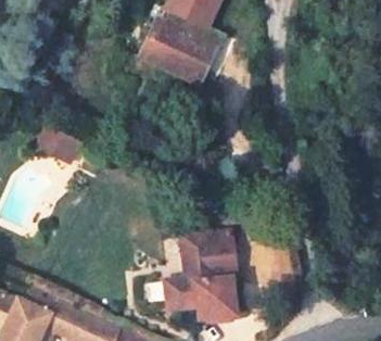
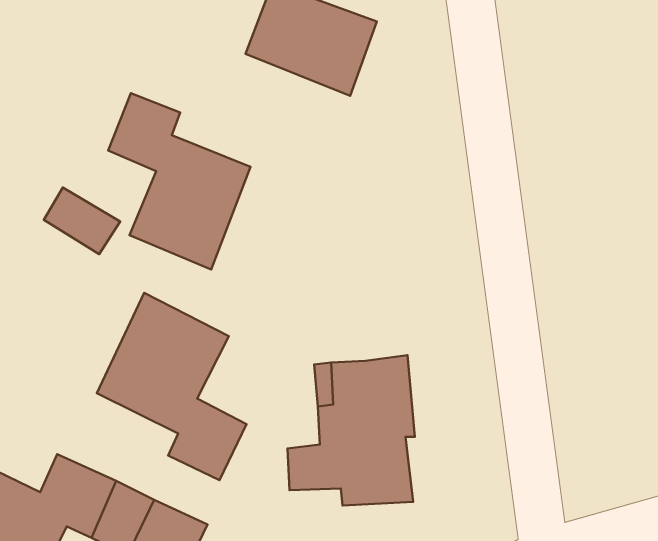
building: none -> [108,93,250,270]
building: none -> [97,293,247,480]

